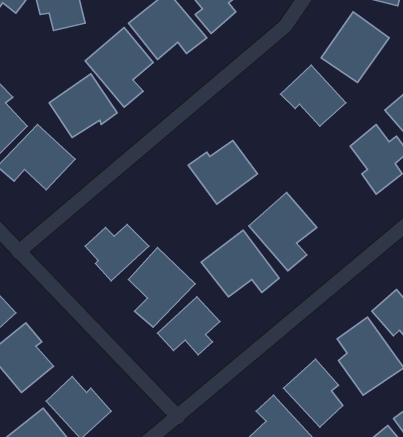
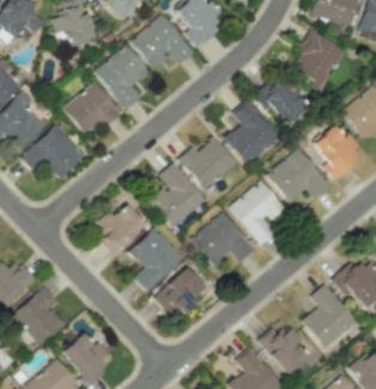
building: none -> [224,101,279,165]
building: none -> [266,148,332,203]
building: none -> [150,162,206,227]

